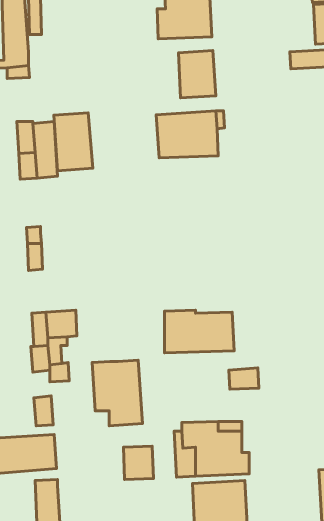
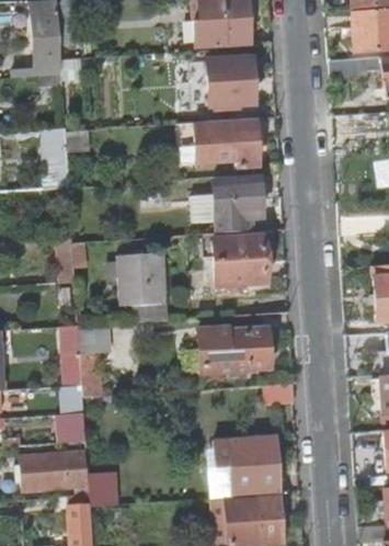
building: [54,113,93,171] -> none
building: none -> [211,180,260,235]
building: none -> [210,237,264,292]
building: [92,360,142,426] -> [115,254,167,321]
building: [123,446,153,479] -> [92,467,123,501]

